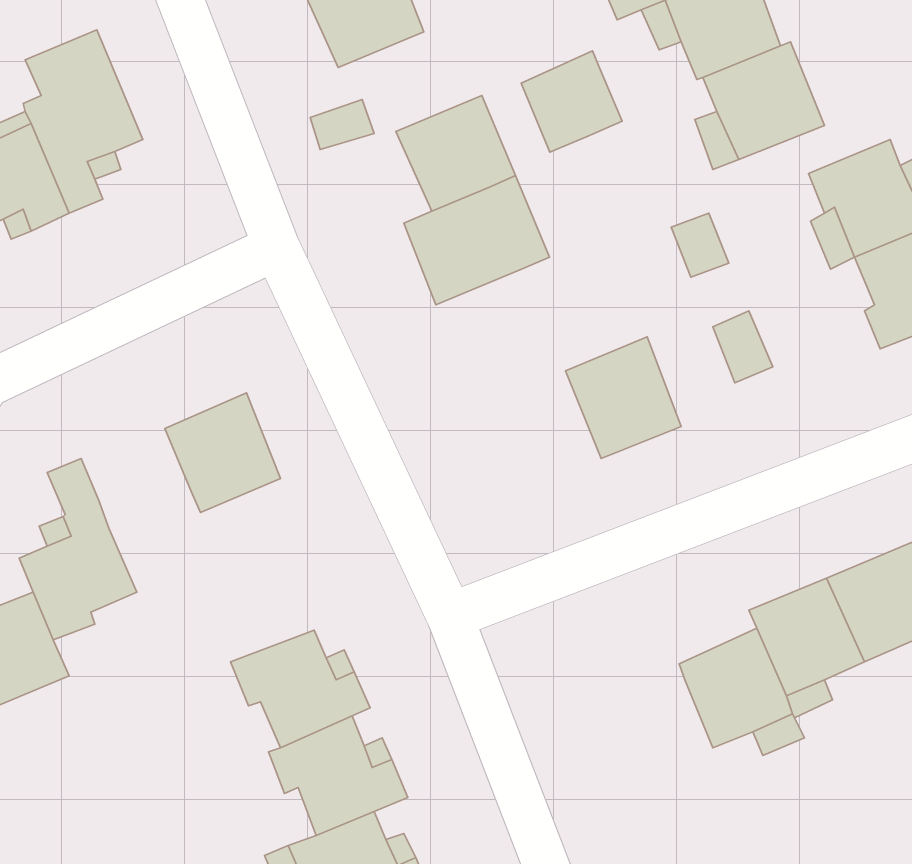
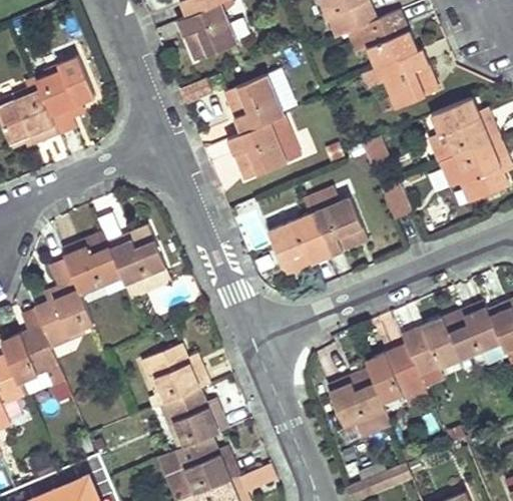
building: [521,51,622,152] -> none
building: none -> [268,214,327,276]
building: none -> [61,233,121,294]
building: none -> [328,370,386,429]

